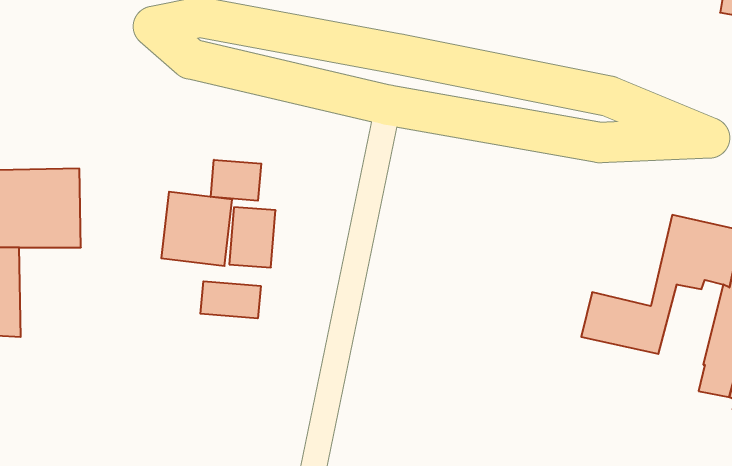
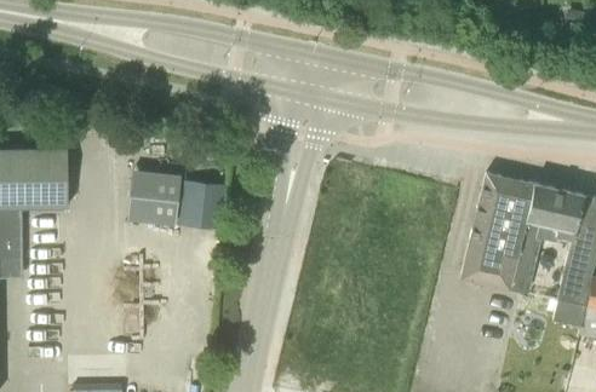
building: [211,160,261,201] -> none
building: none -> [469,174,532,256]
building: [200,281,261,318] -> none

